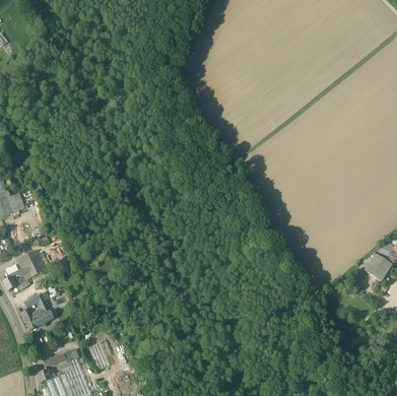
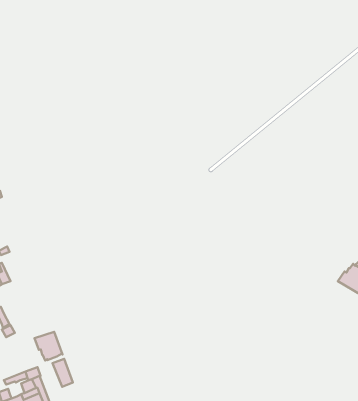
building: none -> [34,332,62,360]

